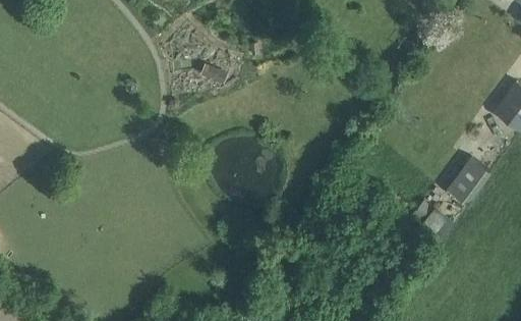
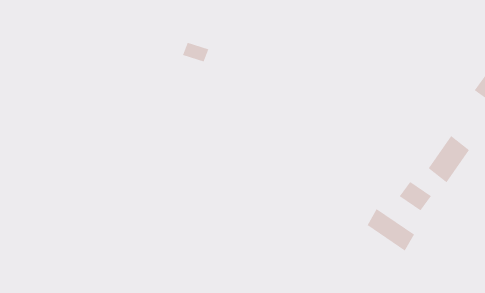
building: none -> [367,208,415,251]

